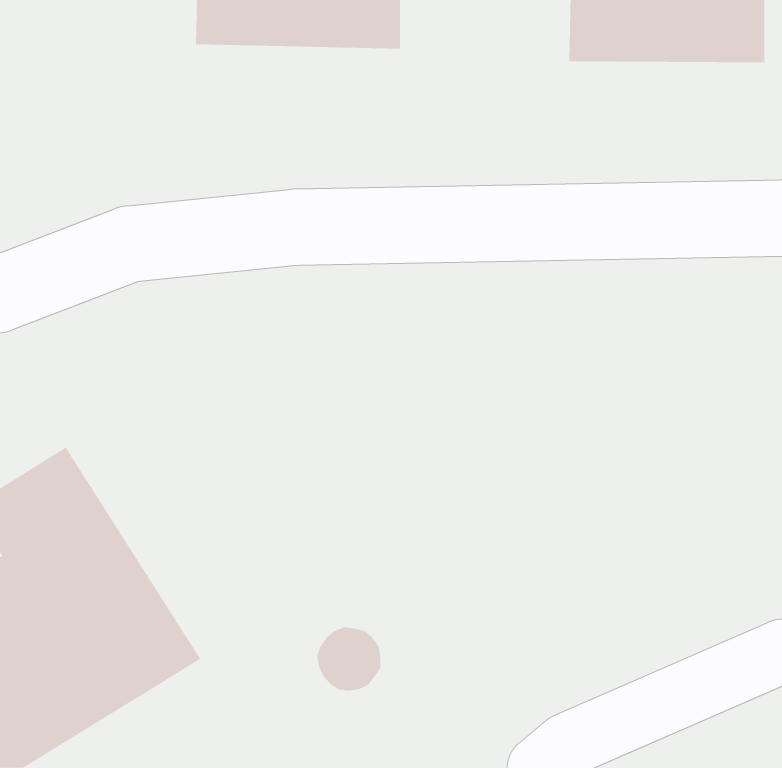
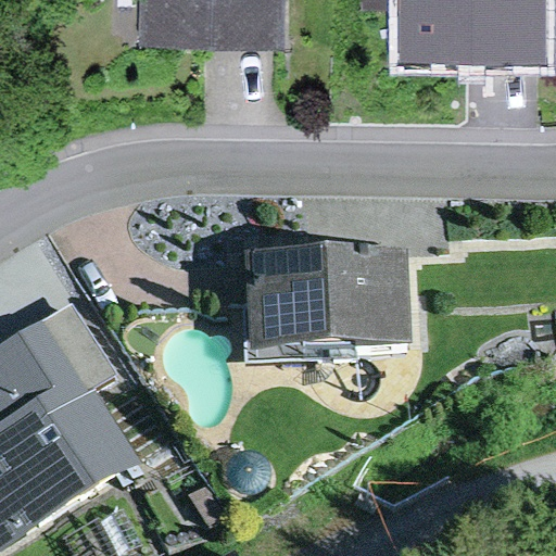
building: none -> [243,251,412,355]

